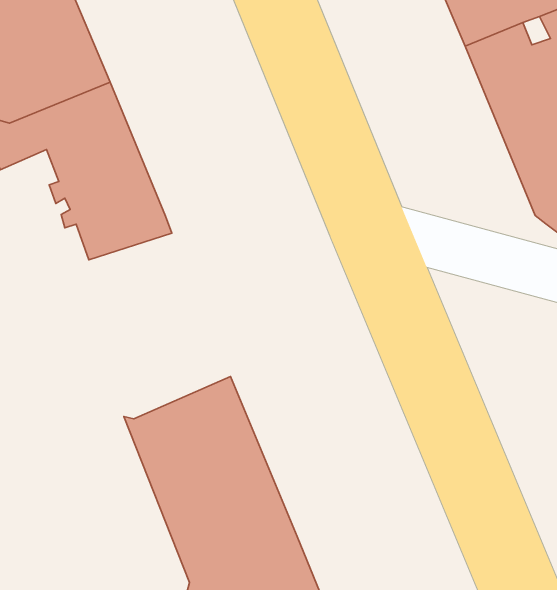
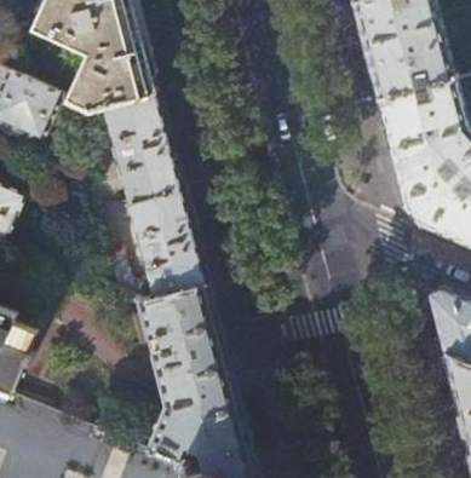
building: none -> [100,188,203,299]

